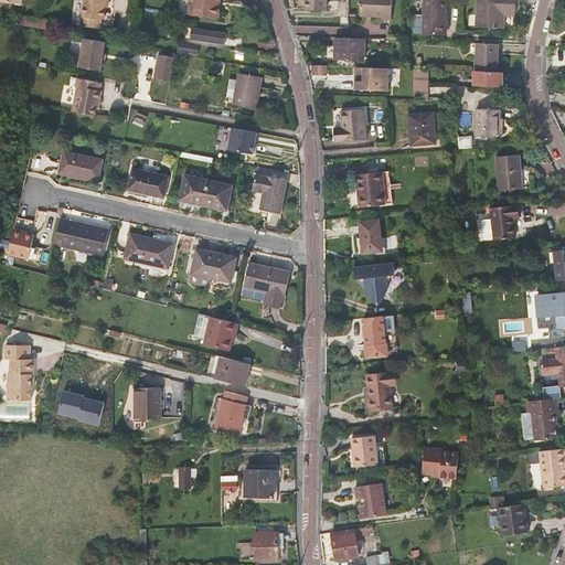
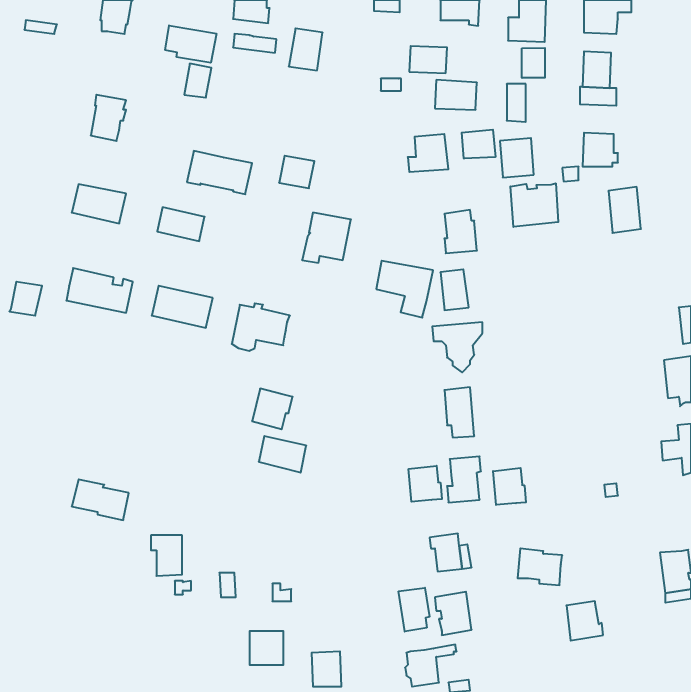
building: none -> [165,25,216,63]
building: [76,36,103,70] -> none
building: none -> [522,48,545,78]
building: [228,72,256,106] -> [289,28,323,70]
building: none -> [462,130,495,159]
building: none -> [510,183,558,227]
building: [179,174,232,210] -> [187,151,252,194]
building: [481,204,521,239] -> none
building: [244,263,290,309] -> [376,261,433,318]
building: [4,344,33,401] -> none
building: none -> [409,466,442,502]
building: none -> [493,468,526,505]
building: [135,387,160,420] -> [151,535,182,576]
building: [215,390,247,433] -> none
building: [523,398,556,441] -> none
building: [245,469,273,497] -> [250,631,283,665]
building: none -> [399,588,430,632]
building: [498,503,527,535] -> [566,601,603,641]

